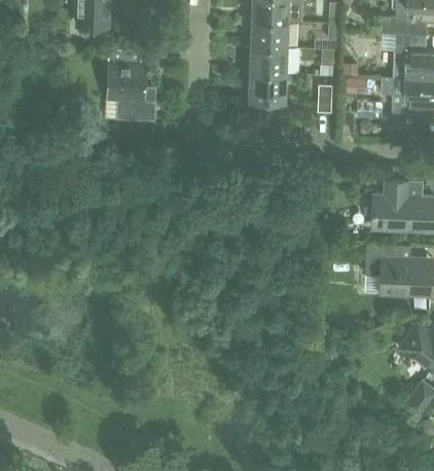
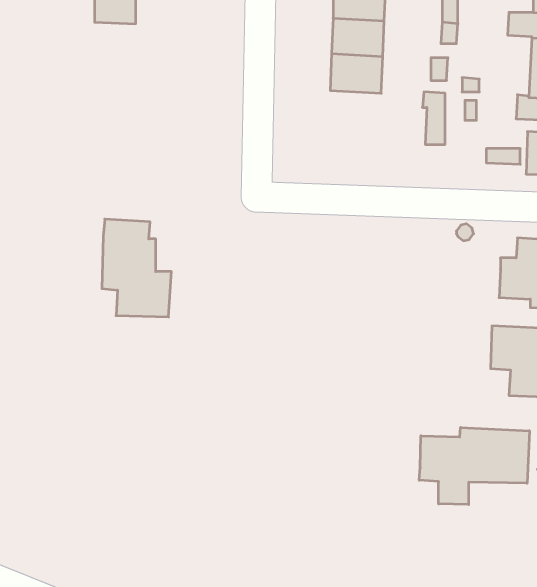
building: [107,48,157,119] -> [102,219,171,317]
building: [247,73,286,102] -> none
building: none -> [419,427,529,505]

